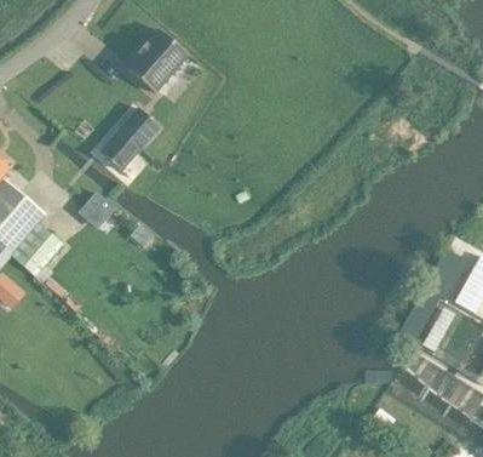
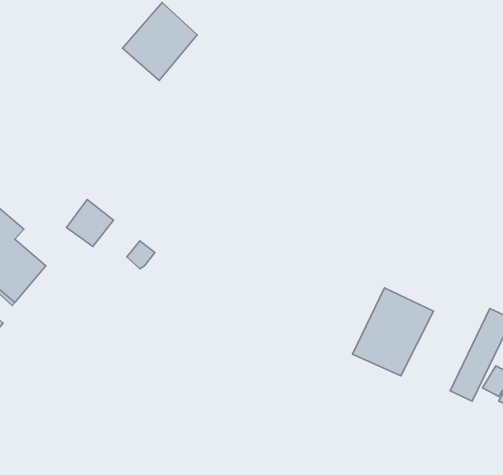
building: [98,109,159,172] -> none
building: none -> [353,288,433,376]

